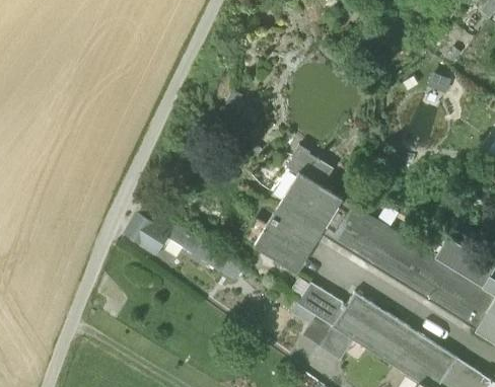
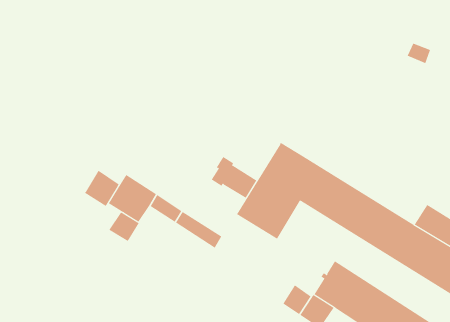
building: [287,144,334,186] -> [211,156,257,198]
building: none -> [84,170,119,207]
building: none -> [109,212,140,242]
building: [297,282,346,326] -> none

